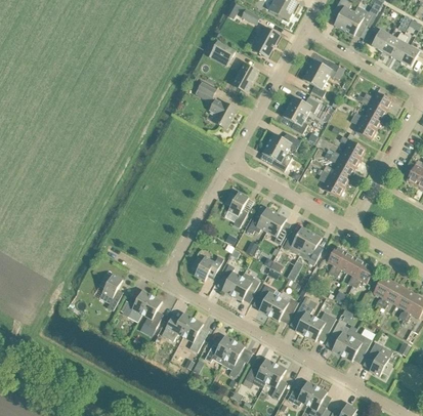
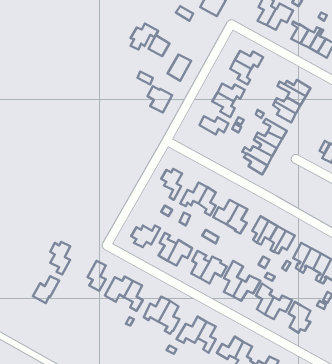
building: [253,28,280,57] -> none
building: none -> [131,24,158,49]
building: [262,143,292,172] -> none
building: [122,291,152,322] -> [33,276,59,303]

